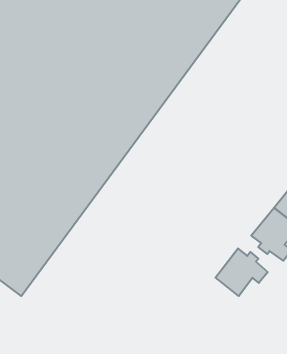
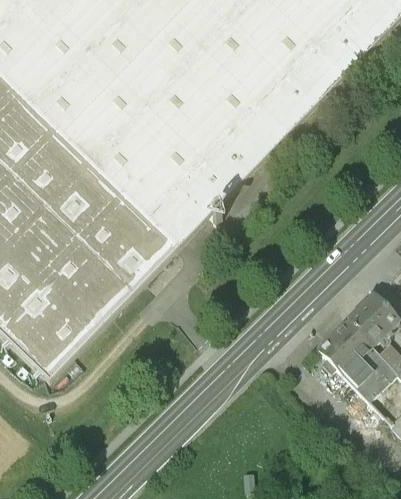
building: [215,248,268,296] -> none

